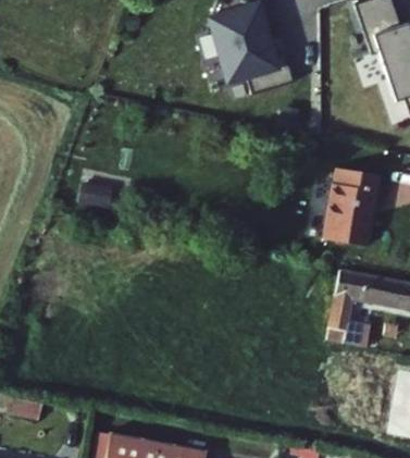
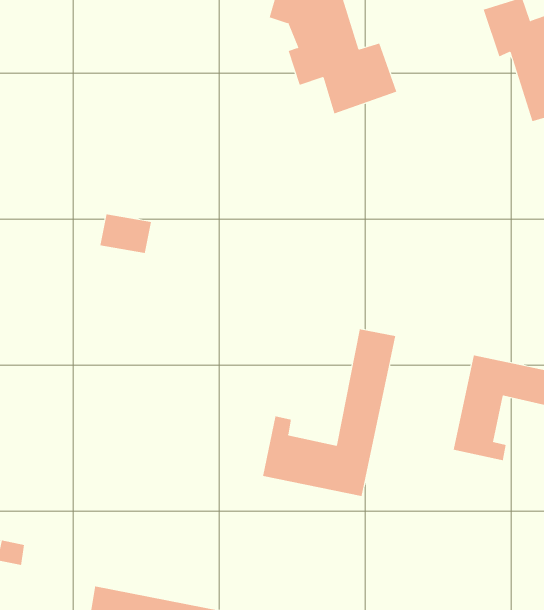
building: [330,164,388,245] -> none
building: none -> [263,328,396,497]

